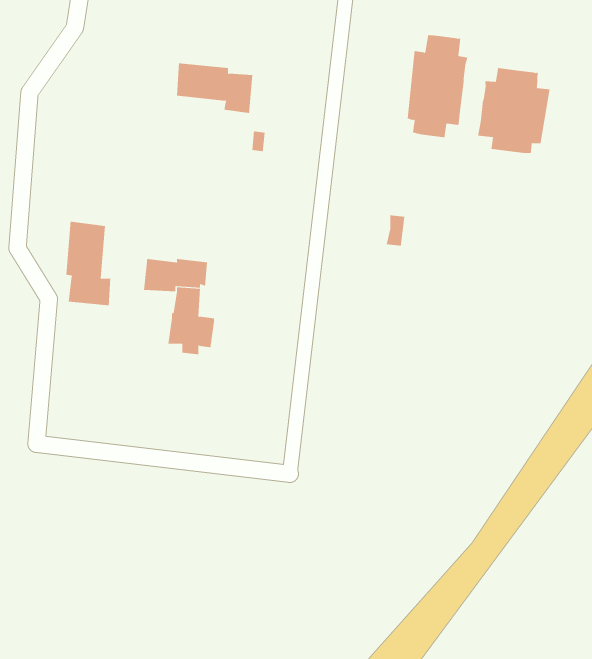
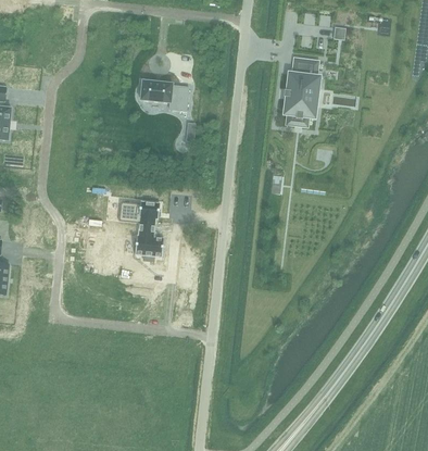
building: [478,67,550,154] -> none
building: [66,221,111,306] -> none

